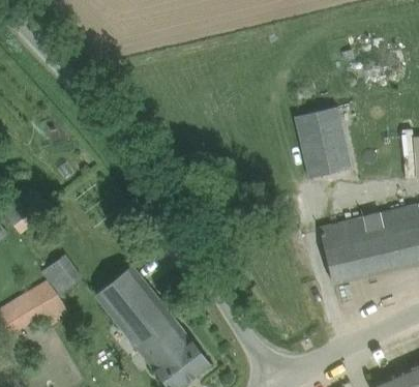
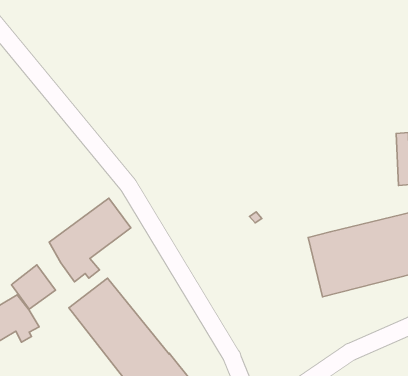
building: [296,107,351,177] -> none
building: none -> [49,198,131,282]

